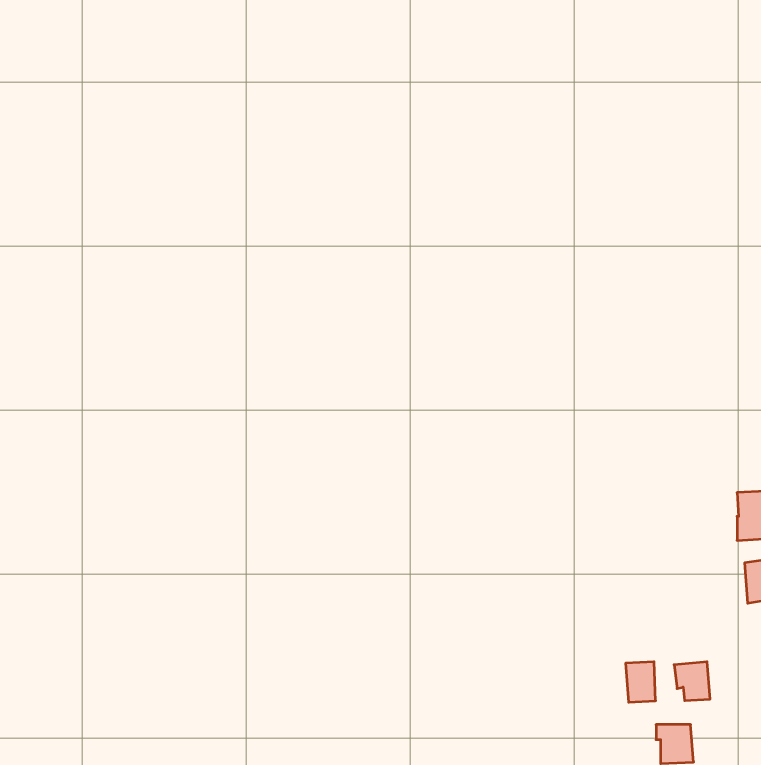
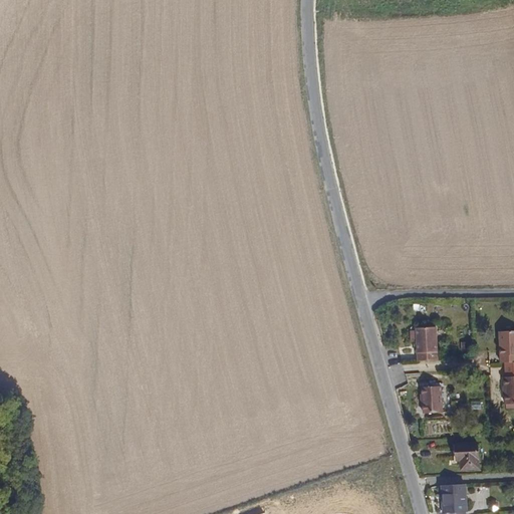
building: none -> [414,326,436,360]
building: [626,662,656,702] -> [421,386,441,413]

